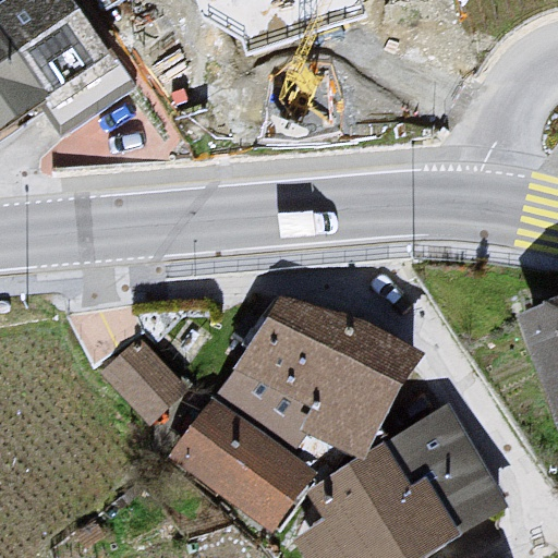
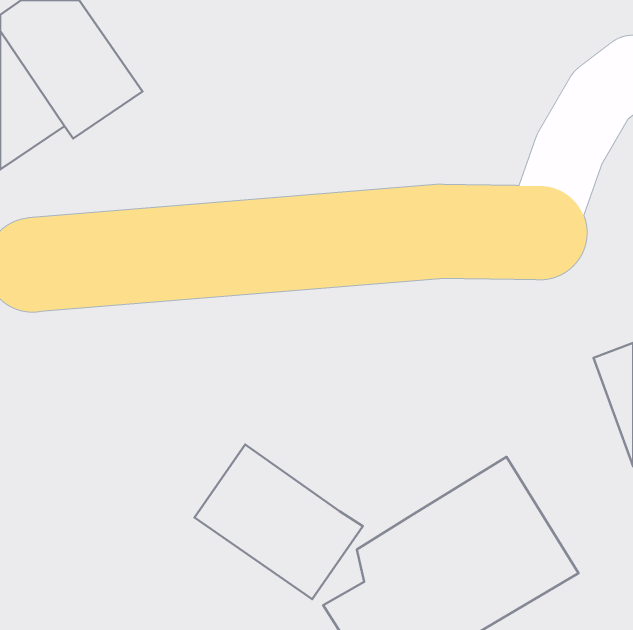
building: [216,296,420,457] -> none
building: [102,336,191,425] -> none

